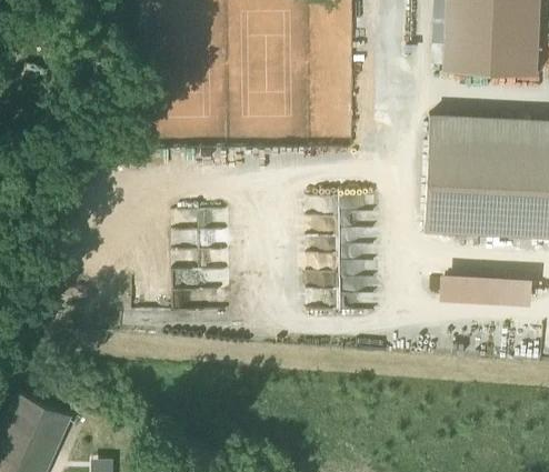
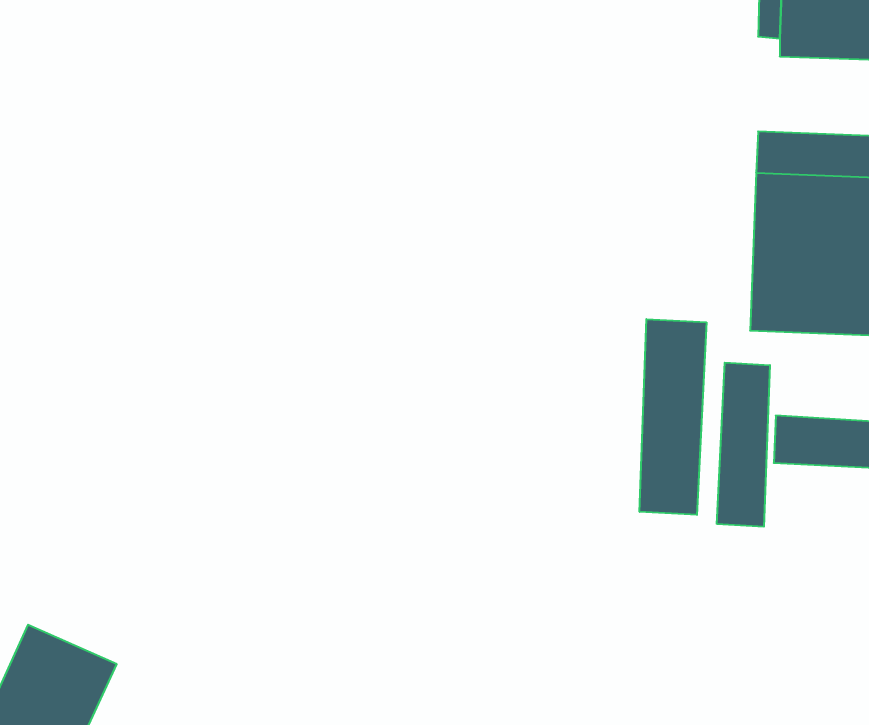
building: none -> [640,319,706,515]
building: none -> [717,363,770,527]

